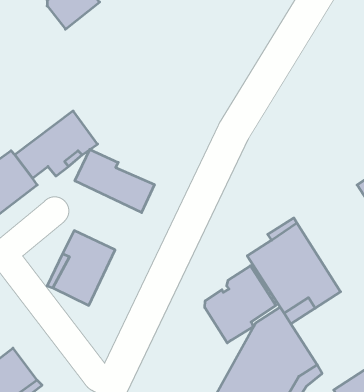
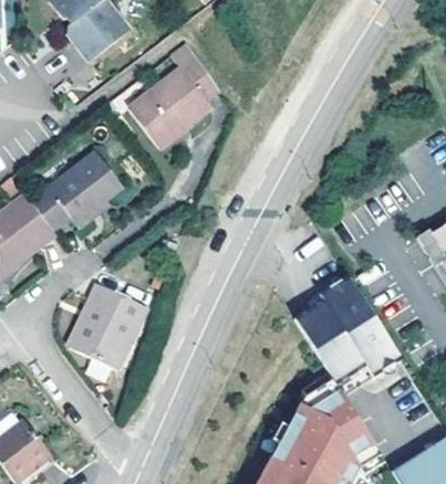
building: none -> [129,42,218,147]
building: [75,149,154,213] -> none
building: [205,266,276,343] -> none

